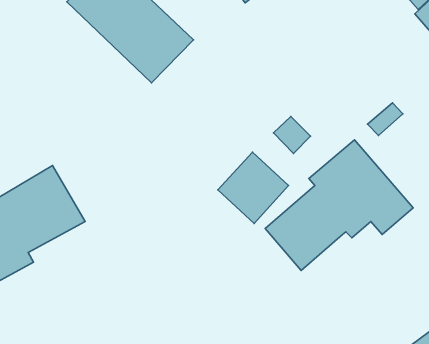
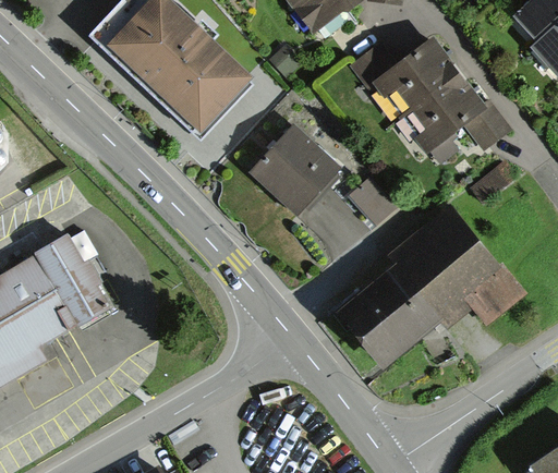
building: none -> [350,36,506,158]
building: [218,152,289,224] -> [252,122,341,213]

